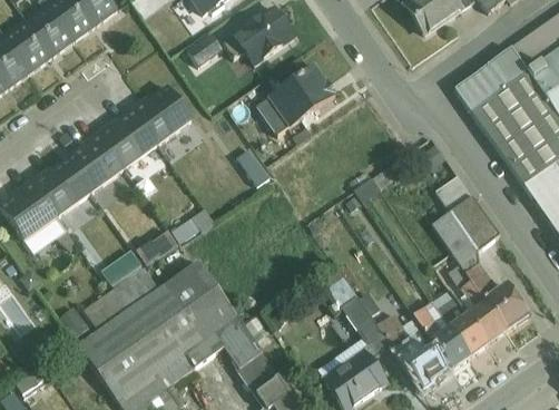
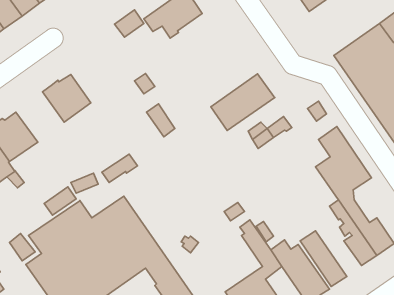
building: [257,65,335,134] -> [211,74,275,130]
building: [131,85,194,145] -> none
building: [67,131,126,193] -> none
building: [432,289,488,357] -> none

